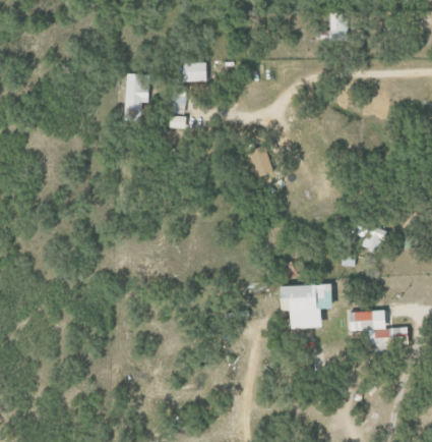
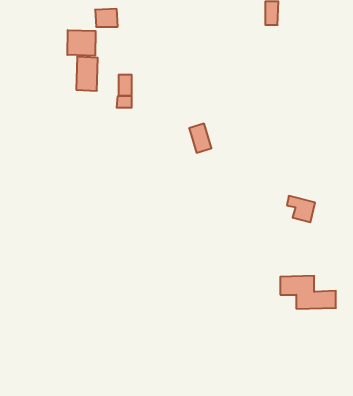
building: none -> [67,30,96,56]
building: [183,62,207,81] -> [95,9,118,27]
building: [277,284,331,329] -> none

